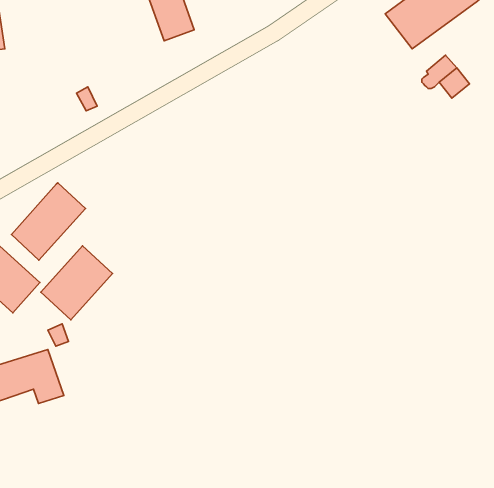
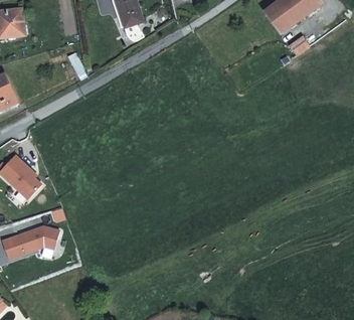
building: [12,183,85,260] -> none
building: [41,246,113,320] -> none

